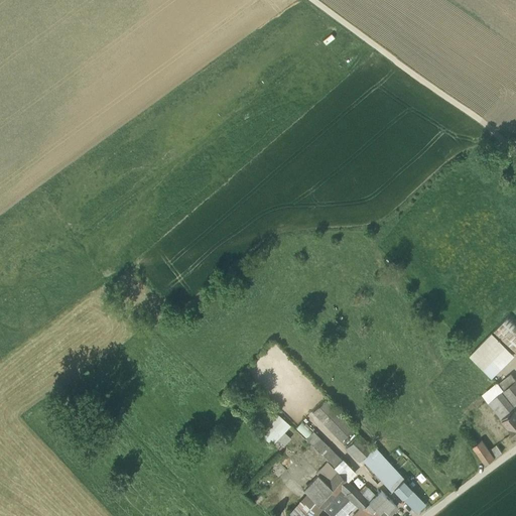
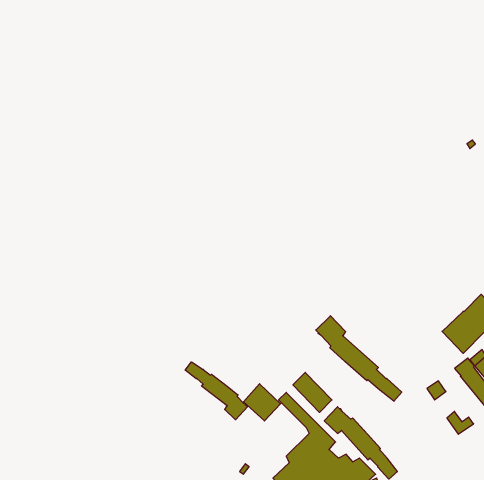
building: none -> [316,316,402,401]
building: none -> [185,362,248,420]

